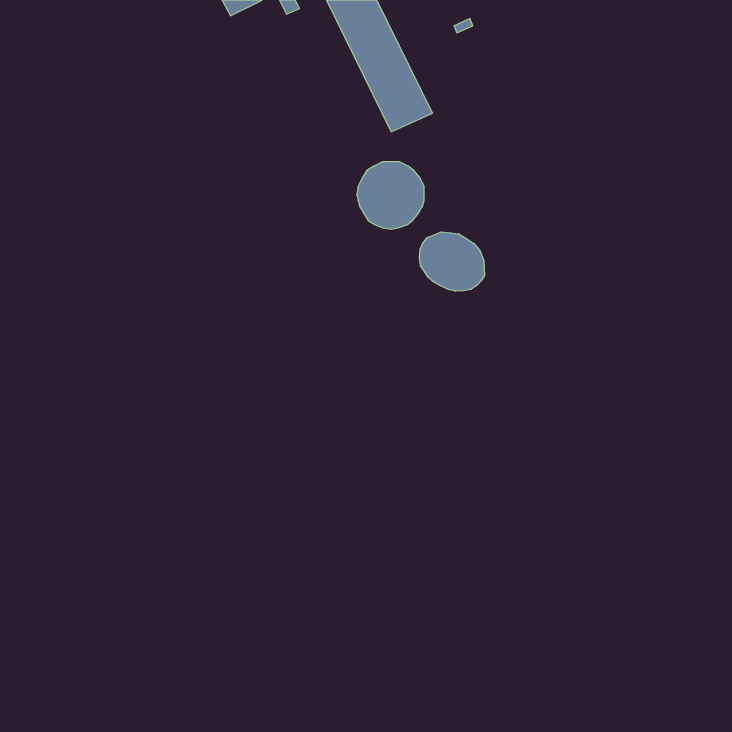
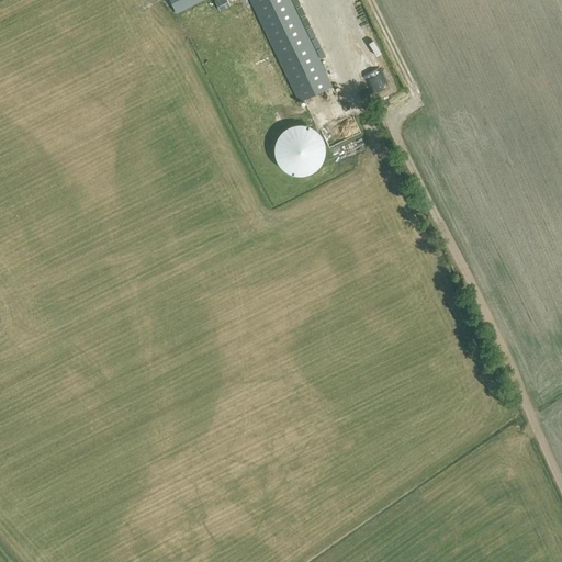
building: [419,232,485,291] -> none

